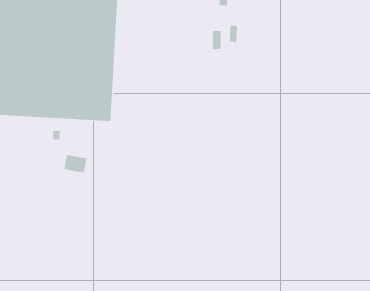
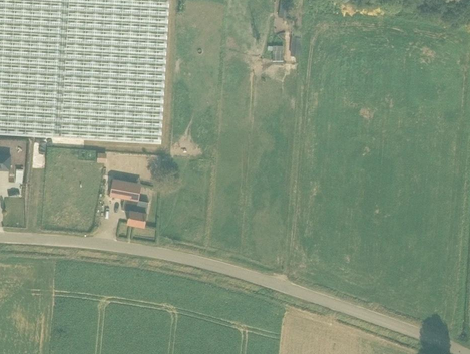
building: none -> [121,190,147,218]

